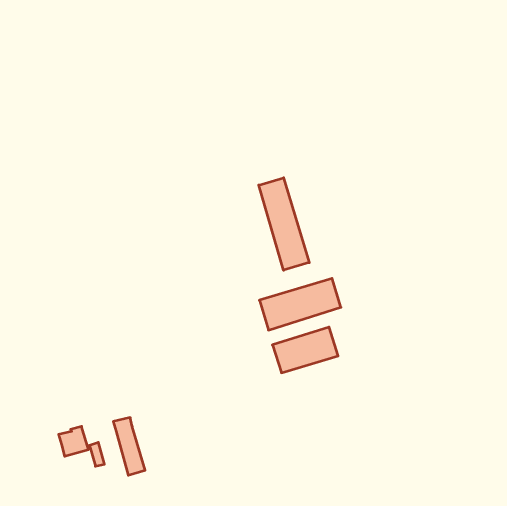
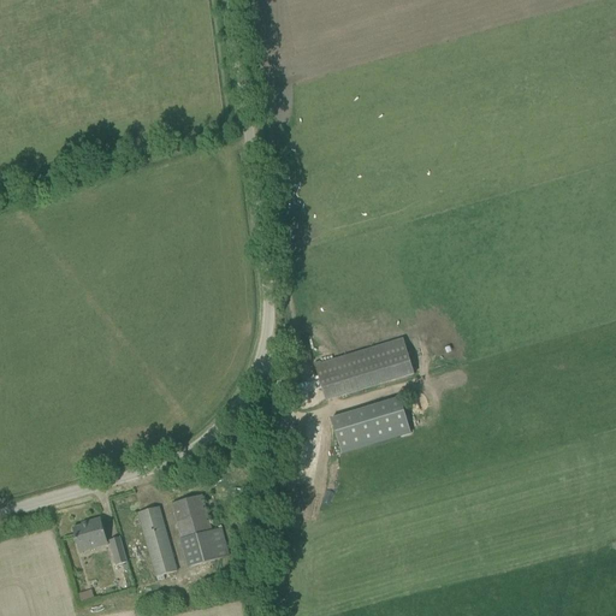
building: [259,178,309,270] -> none
building: none -> [171,493,227,565]

